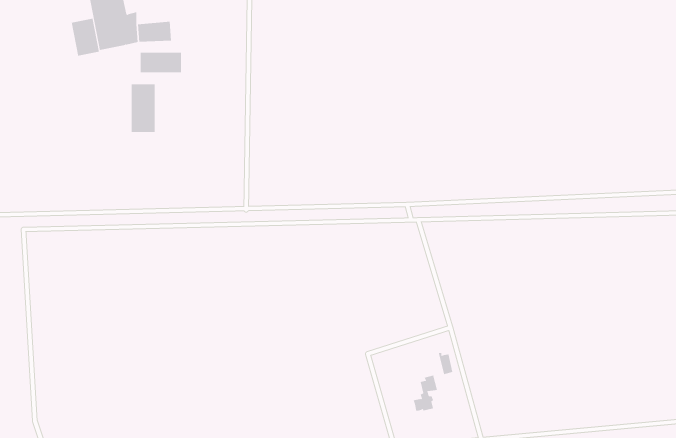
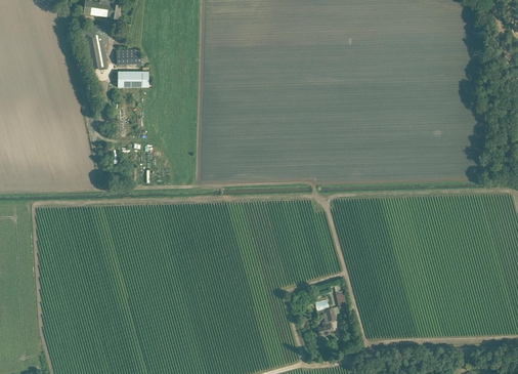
building: [71,18,100,56] -> none
building: [131,84,155,133] -> none

